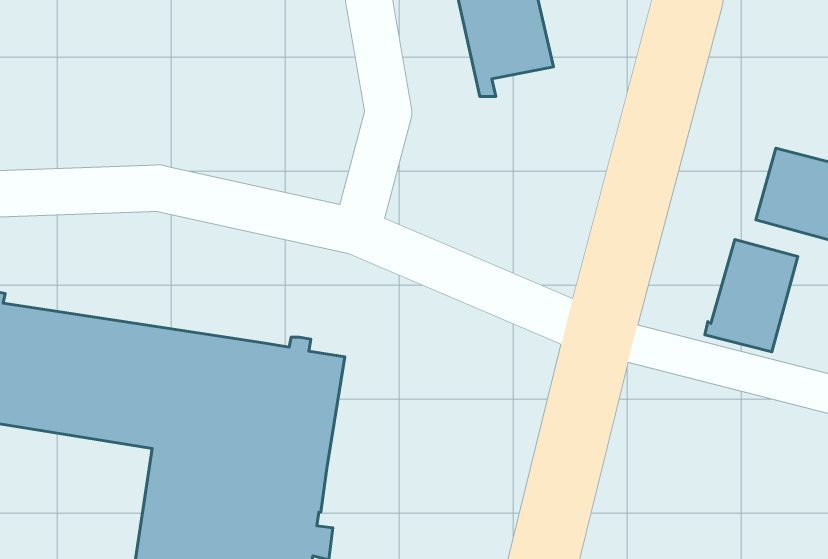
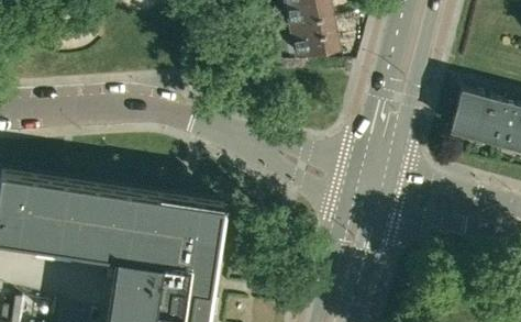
building: [705,240,798,352] -> none

